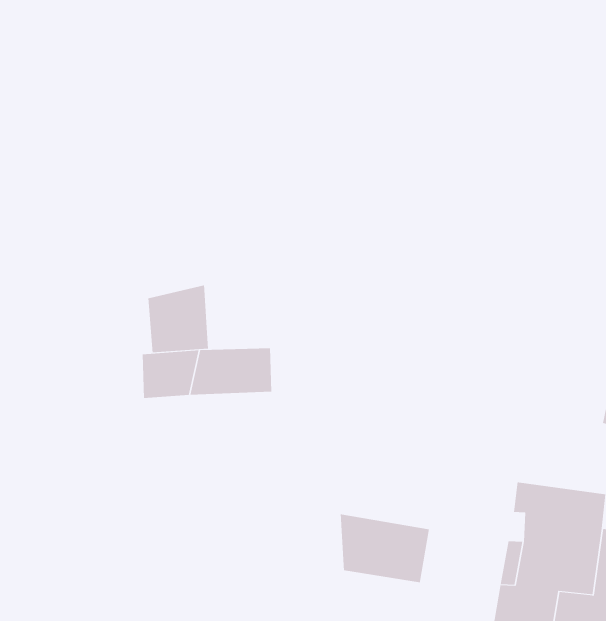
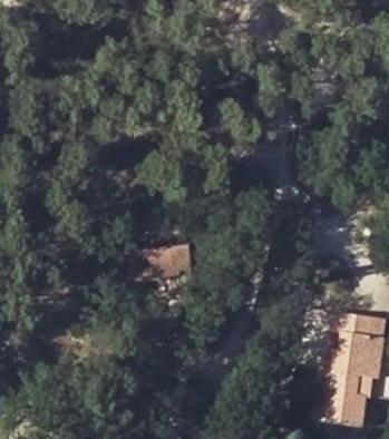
building: [148,285,208,353] -> none
building: [340,513,429,583] -> none

